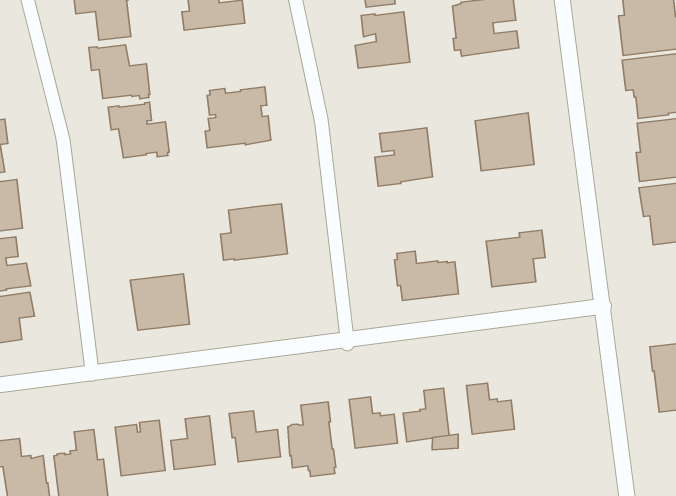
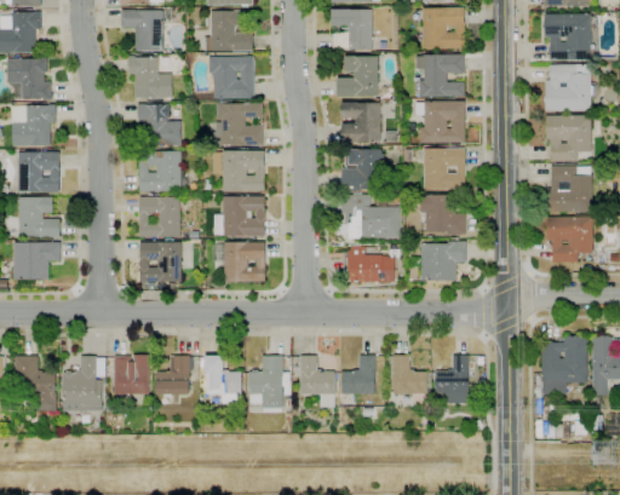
building: none -> [209,56,254,99]
building: none -> [417,100,466,143]
building: none -> [341,103,381,143]
building: none -> [213,151,265,191]
building: none -> [139,151,188,191]
building: none -> [421,195,467,235]
building: none -> [341,195,401,238]
building: none -> [139,197,180,237]
building: none -> [213,242,264,282]
building: none -> [435,356,470,403]

